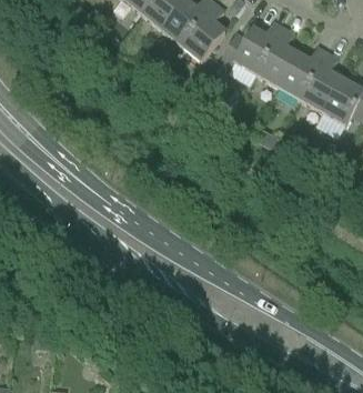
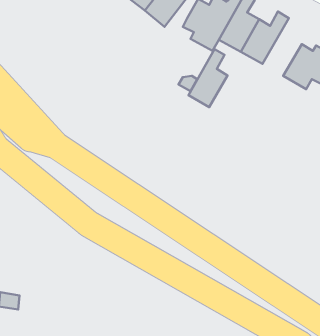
building: [301,52,341,111] -> [188,49,228,107]

